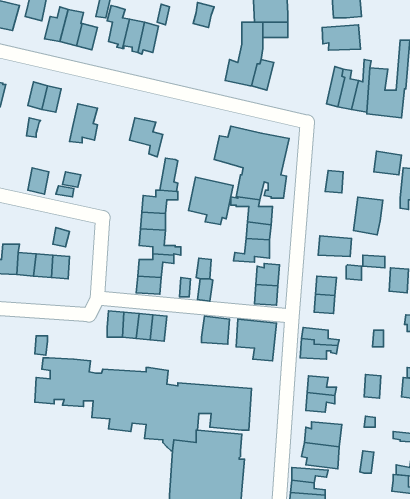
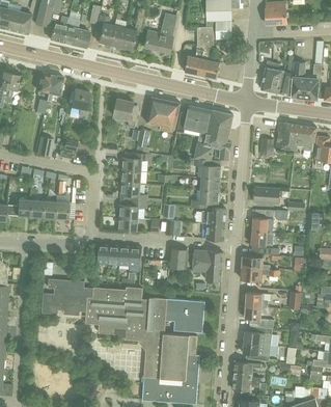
building: [322,25,360,50] -> none
building: none -> [143,30,172,53]
building: [189,177,233,224] -> [146,97,180,132]
building: [354,197,383,235] -> [276,121,298,150]

